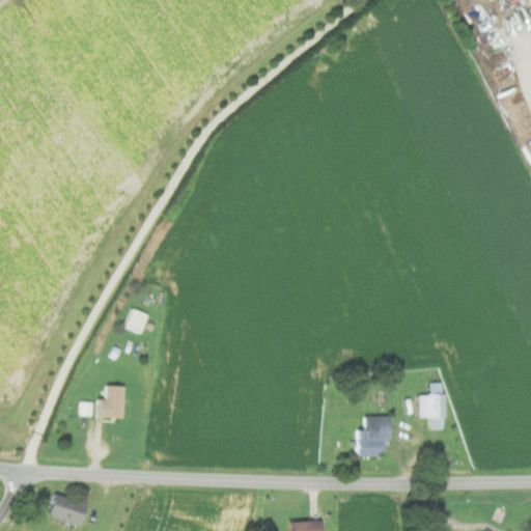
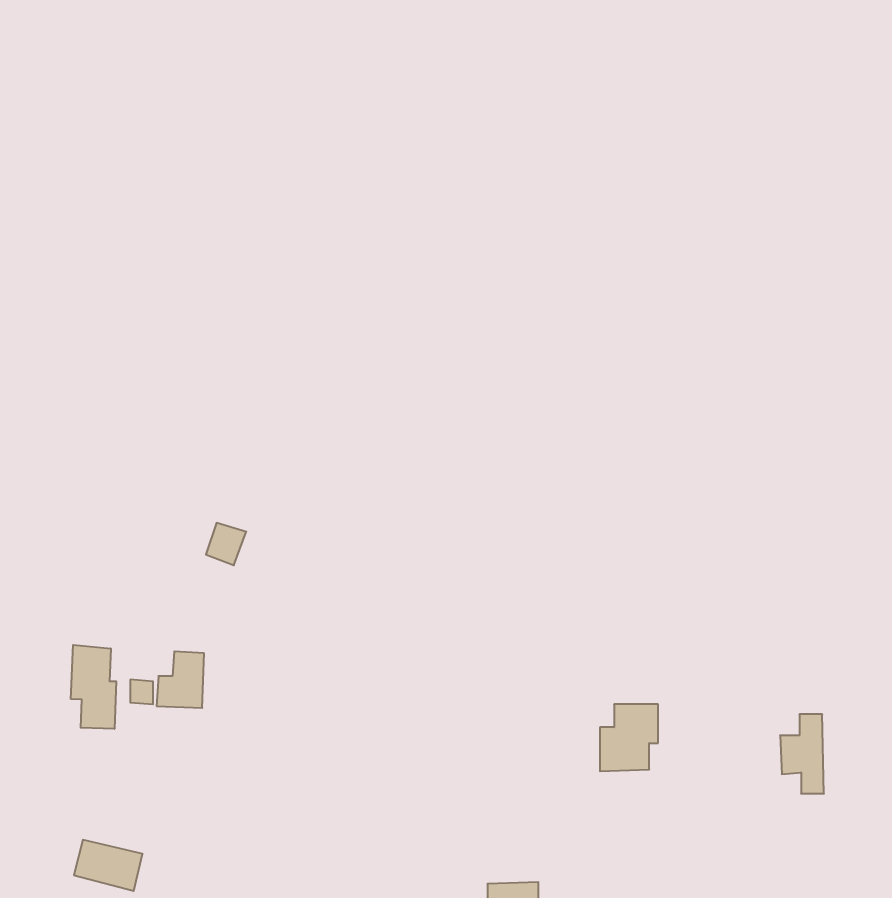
building: none -> [71,645,116,729]
building: [419,383,445,429] -> [780,714,824,794]

